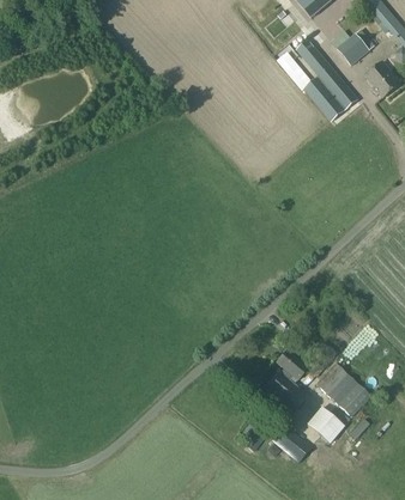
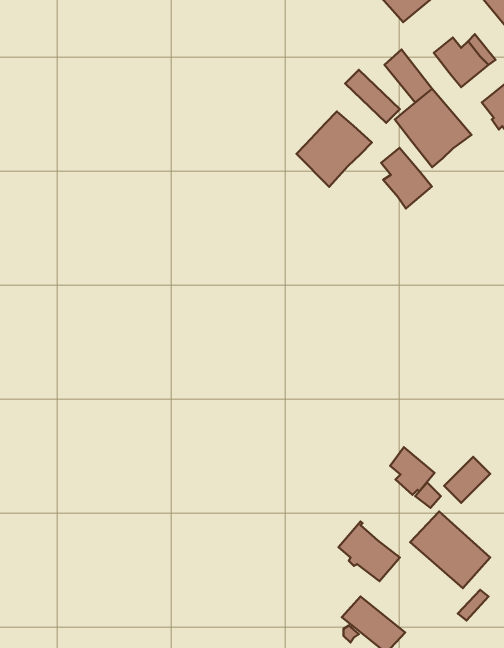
building: none -> [296,112,372,187]
building: none -> [381,148,432,208]
building: [276,348,307,382] -> [390,447,435,495]
building: [304,407,341,440] -> none

